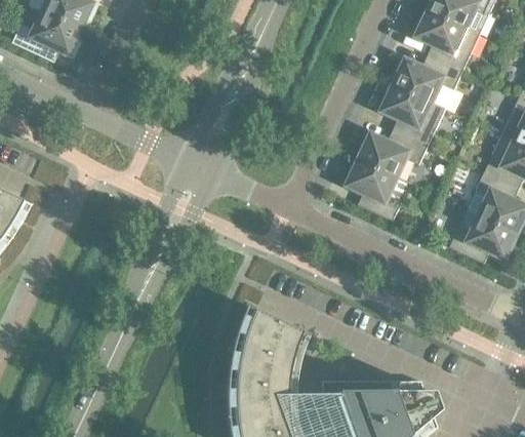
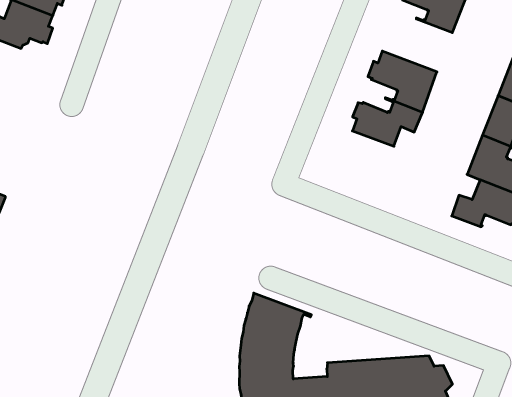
building: [393,55,461,108] -> none
building: [342,159,401,221] -> none

